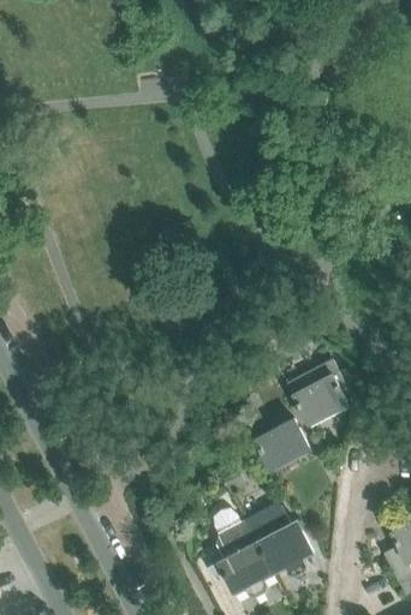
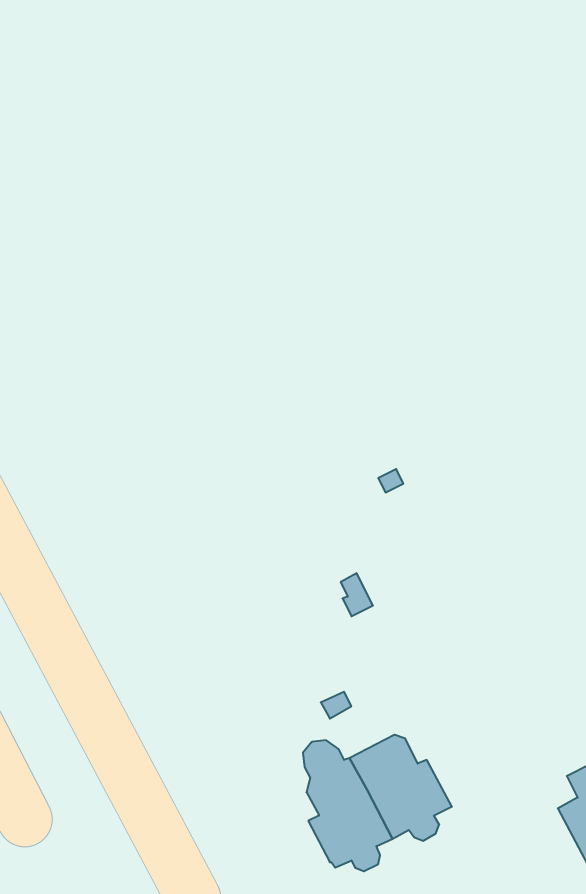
building: [286,362,346,425] -> none
building: [252,420,308,470] -> none

